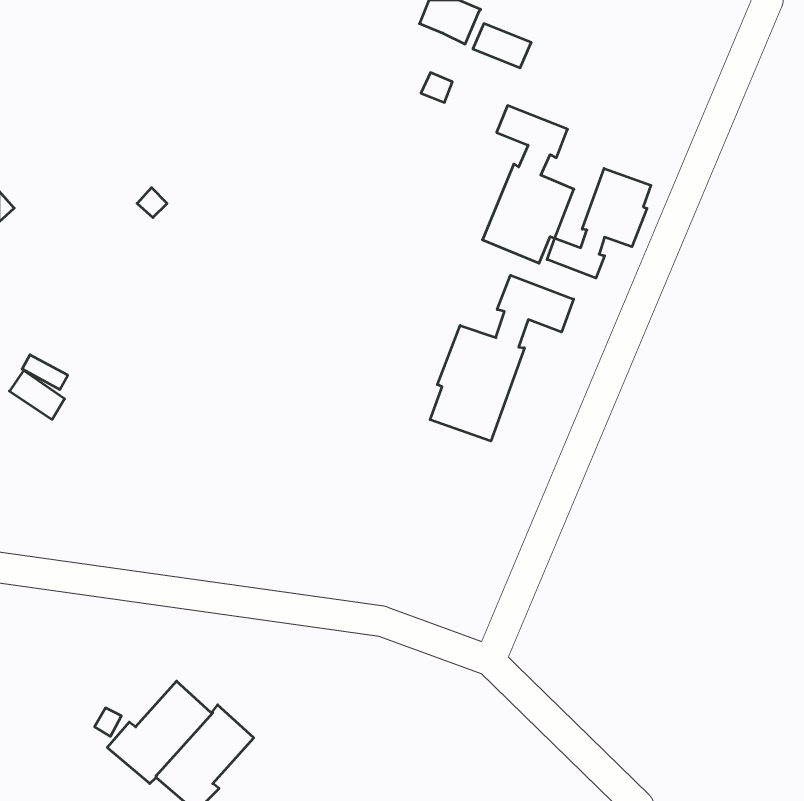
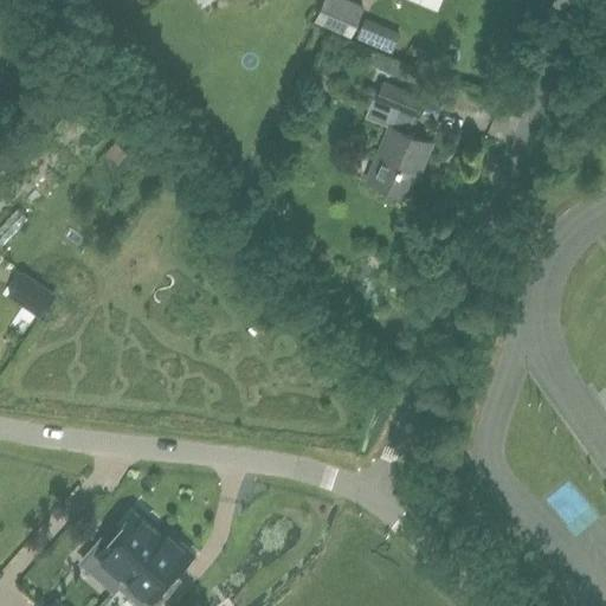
building: [547,168,651,278] -> none
building: [430,275,574,441] -> none

